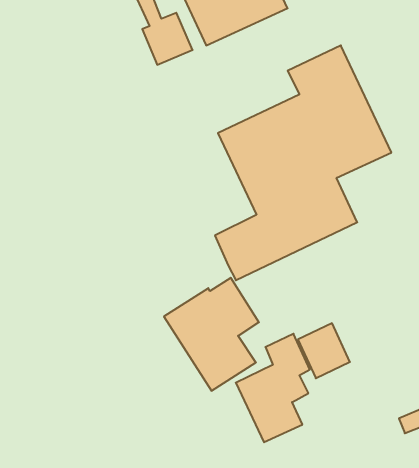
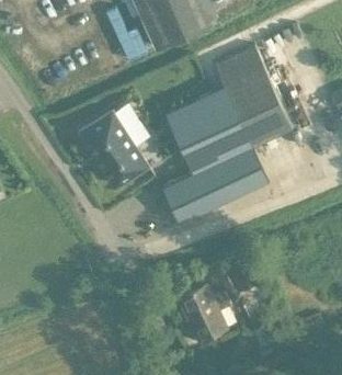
building: [164,278,259,391] -> [79,105,149,189]

